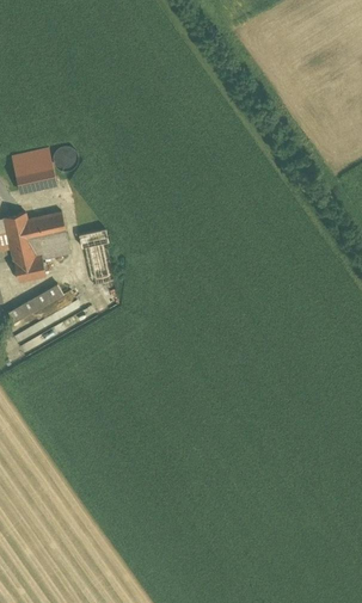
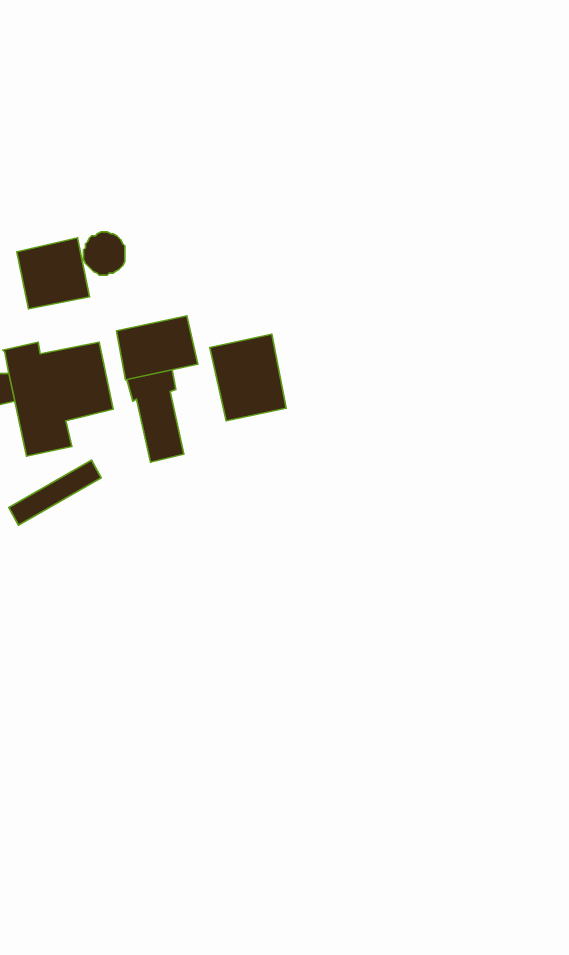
building: none -> [117,316,198,380]
building: none -> [210,334,286,421]

